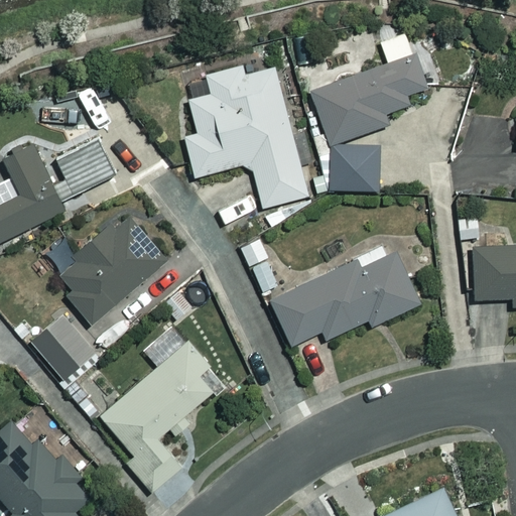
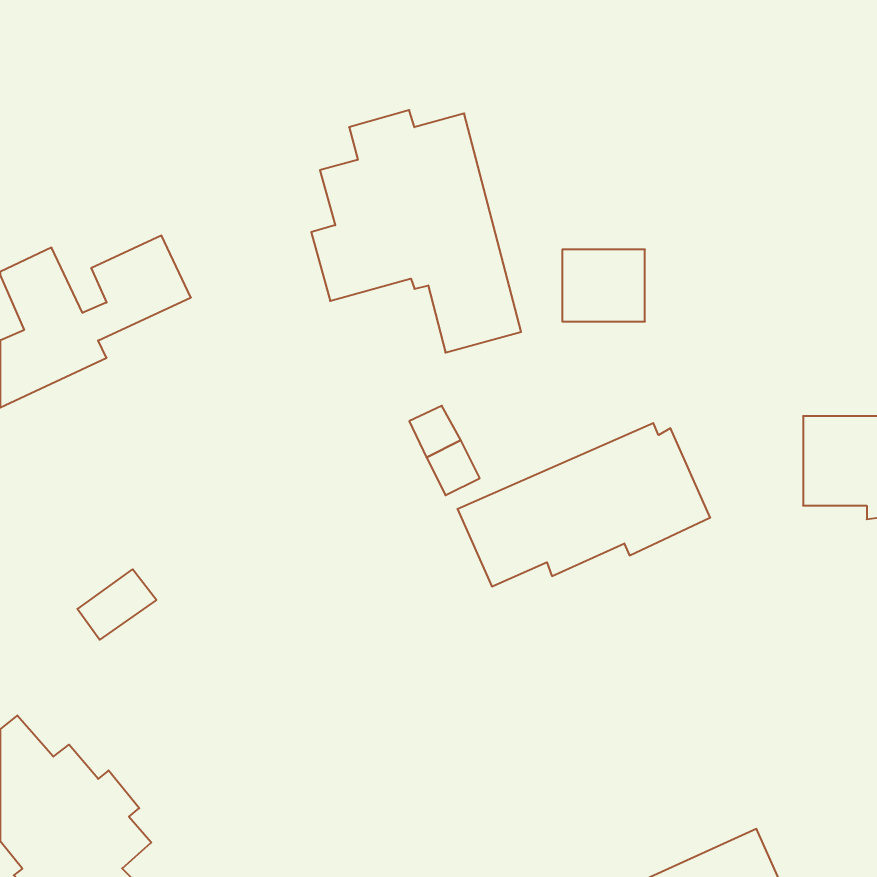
building: [311,53,427,145] -> none
building: [48,210,168,327] -> none
building: [100,343,212,491] -> none

